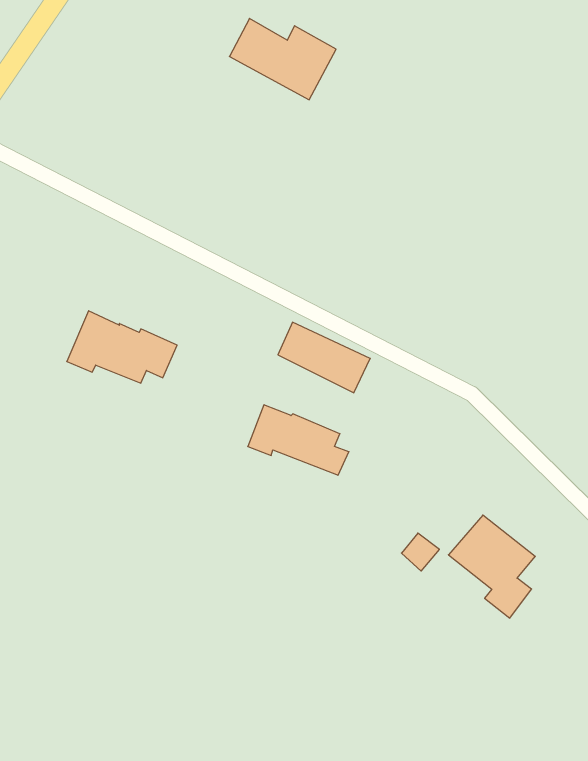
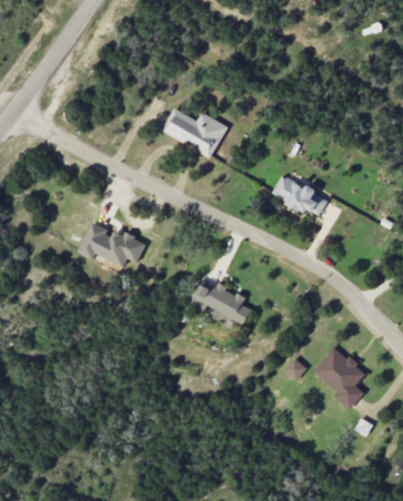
building: [229,18,336,100] -> [162,108,228,157]
building: [278,322,370,393] -> [272,175,329,218]

